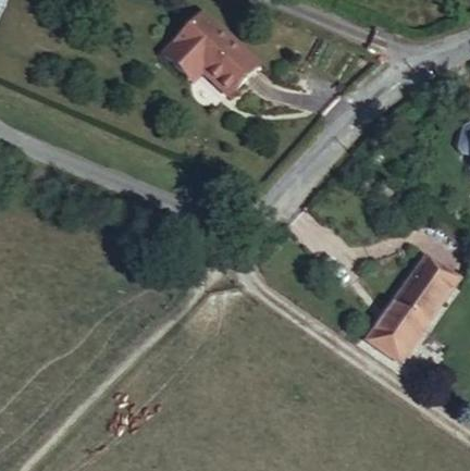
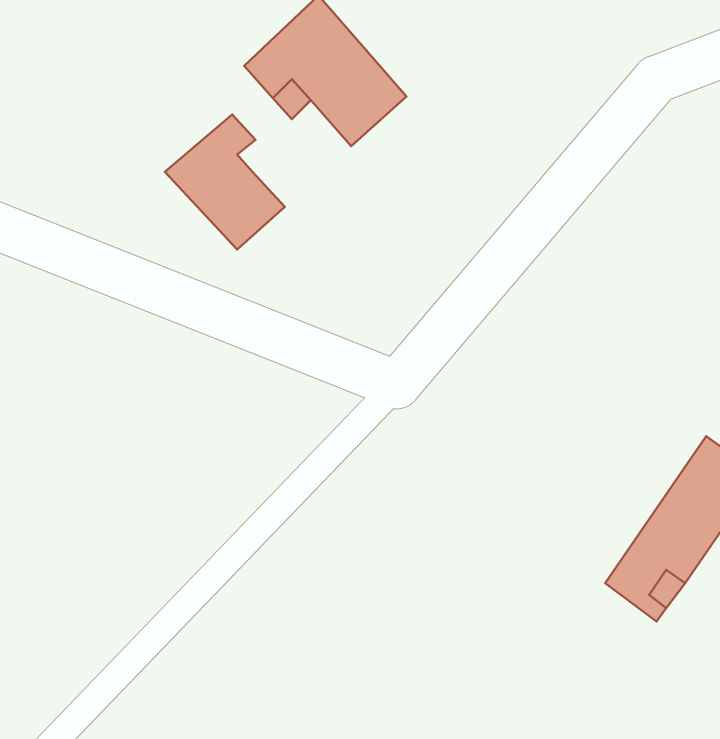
building: none -> [165,115,285,250]

